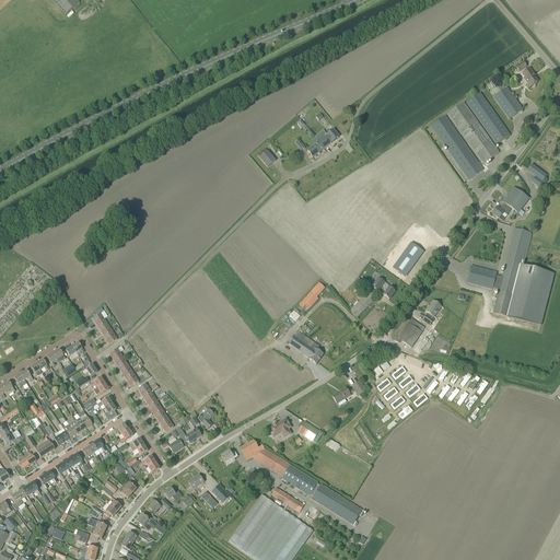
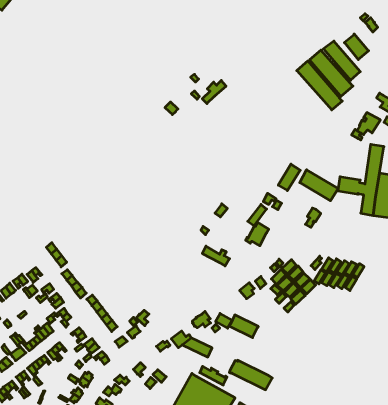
building: none -> [300,170,338,201]
building: [394,317,424,347] -> [246,223,269,246]
building: [281,464,318,494] -> [229,315,258,338]

